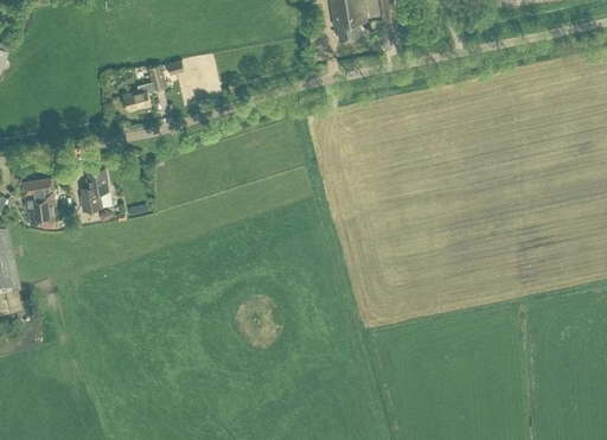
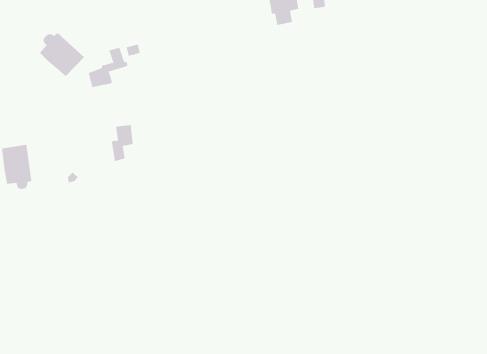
building: none -> [39,32,85,77]
building: [81,168,107,211] -> [111,125,134,162]

